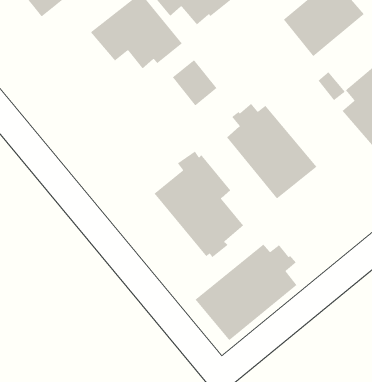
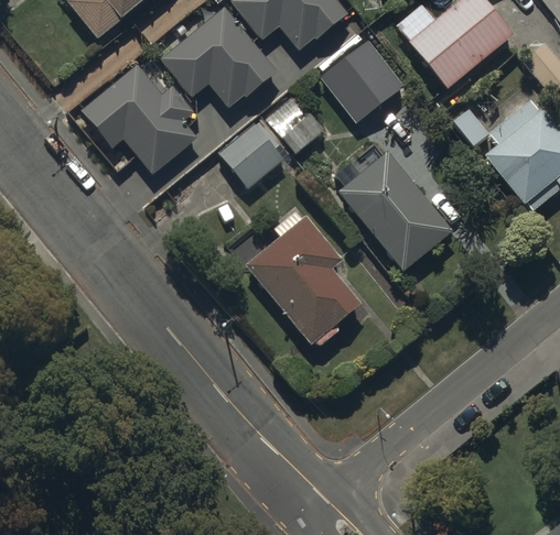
building: none -> [320,40,403,122]
building: none -> [82,63,197,173]
building: none -> [217,122,283,189]
building: [194,244,297,341] -> none

